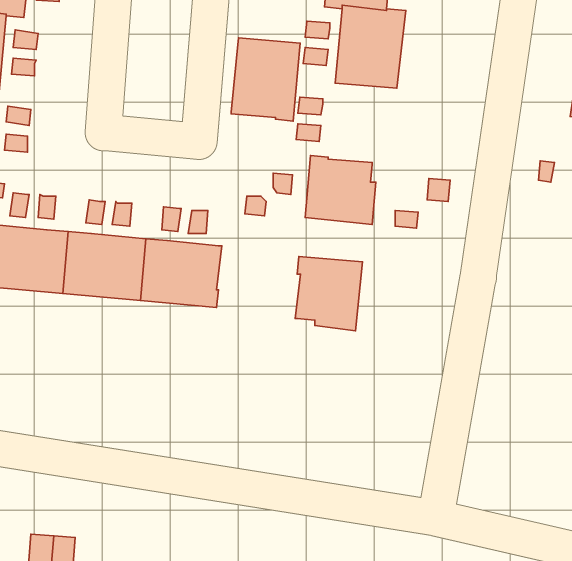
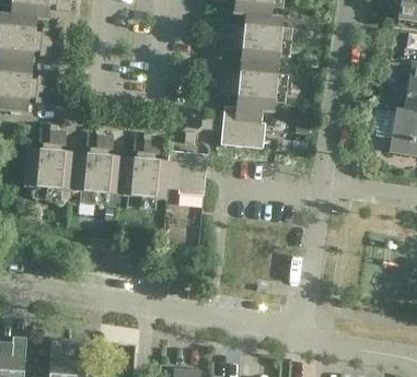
building: [231,38,300,121] -> [235,60,278,111]
building: [295,257,363,331] -> [166,150,208,196]

